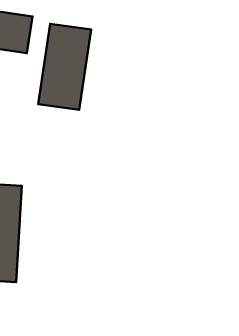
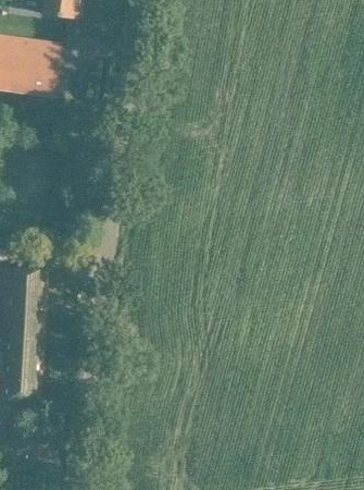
building: [38,24,91,110] -> none

